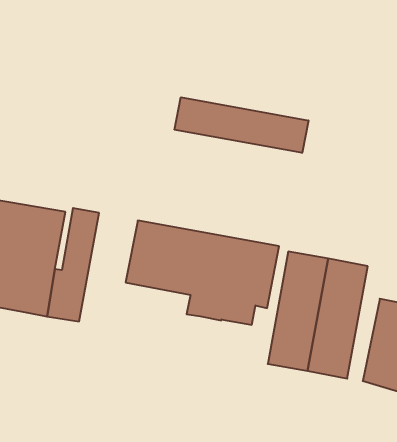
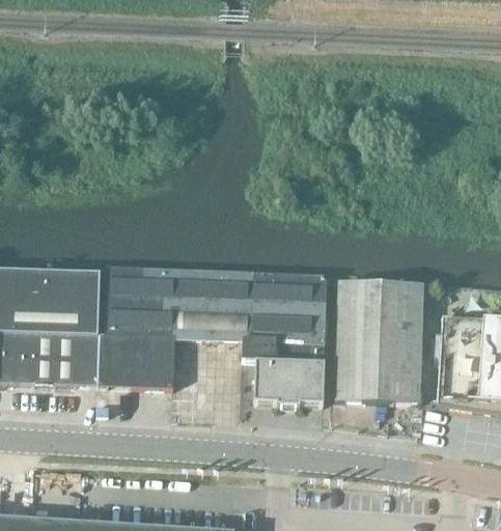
building: [175,97,308,153] -> none
building: none -> [132,268,177,386]
building: none -> [255,340,326,407]

